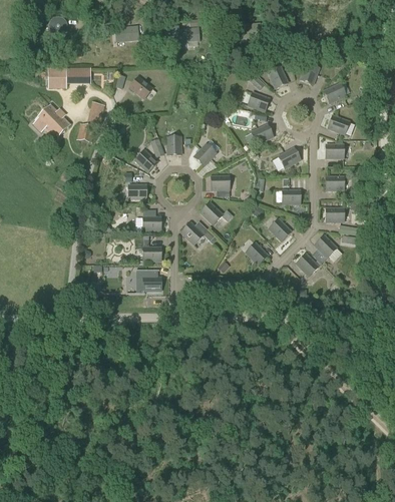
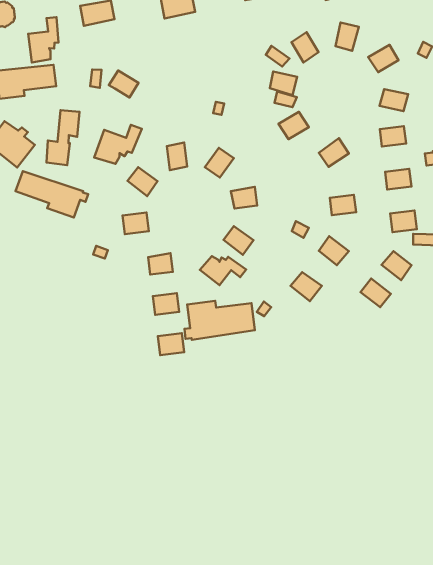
building: none -> [28,17,59,63]
building: none -> [94,125,142,164]
building: none -> [16,171,88,218]
building: none -> [184,301,255,340]

